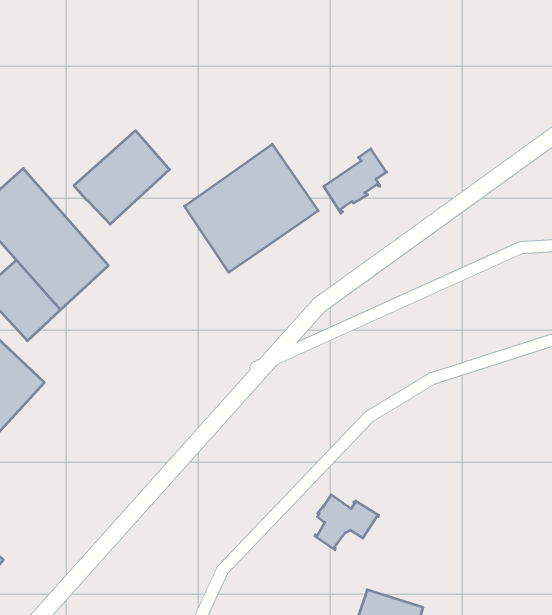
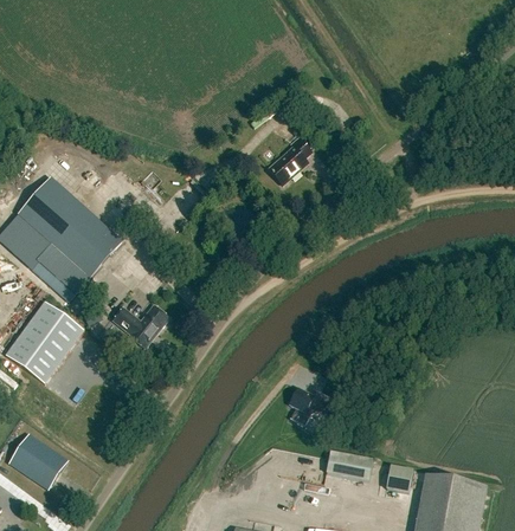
building: [74,131,170,224] -> none
building: [184,144,318,272] -> none
building: none -> [111,305,168,349]

